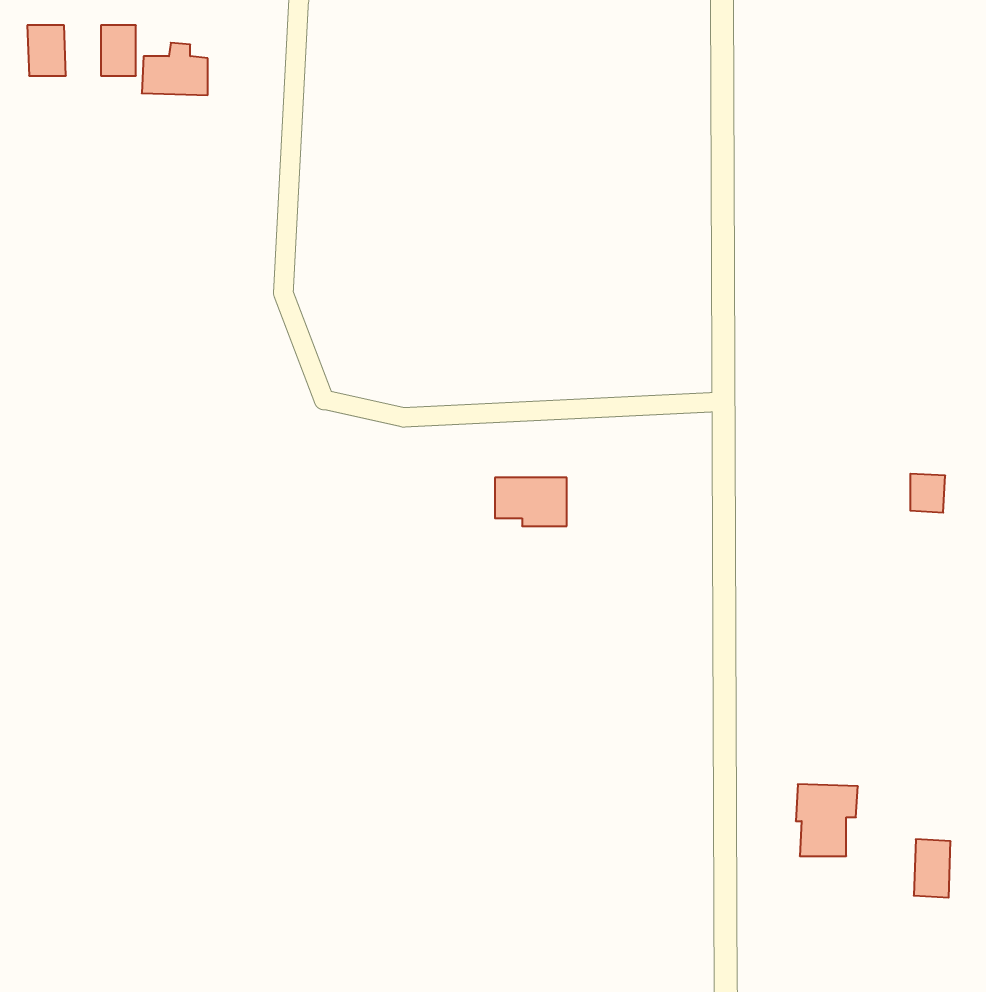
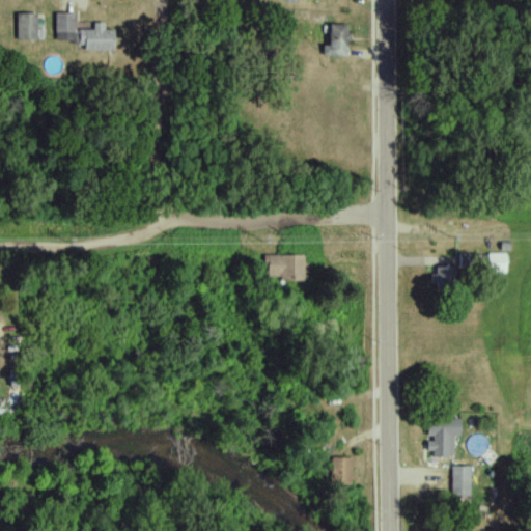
building: none -> [325,25,351,57]
building: none -> [435,267,457,285]
building: [914,839,951,898] -> [452,466,472,497]
building: none -> [332,457,354,485]

